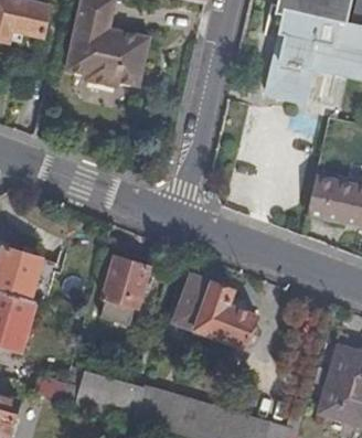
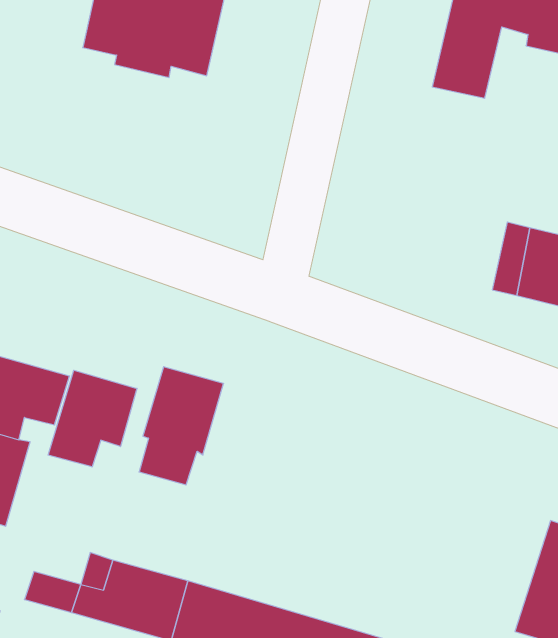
building: none -> [48,370,137,467]
building: [174,275,257,346] -> none

